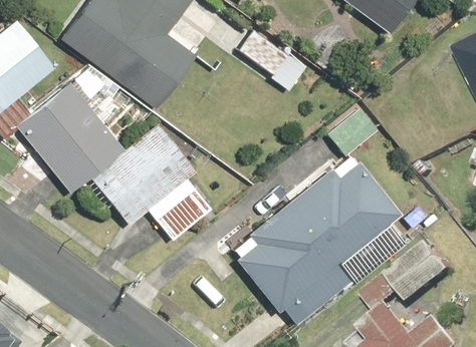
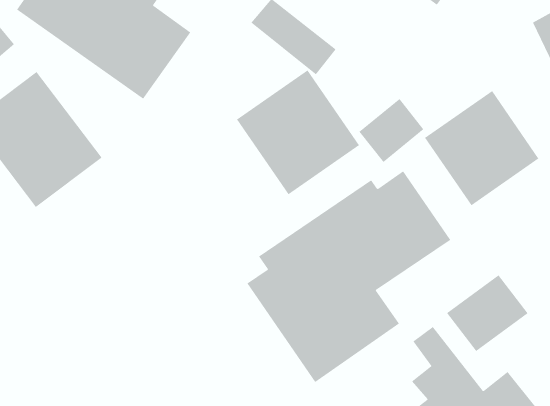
building: none -> [236,69,360,195]
building: none -> [424,90,539,206]
building: [92,125,209,240] -> none

